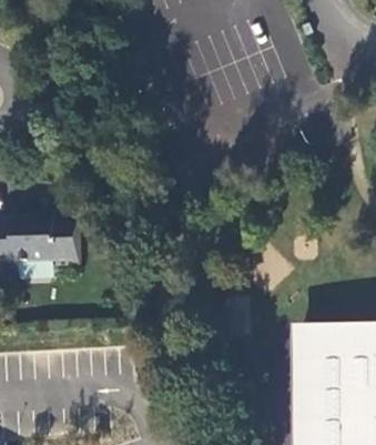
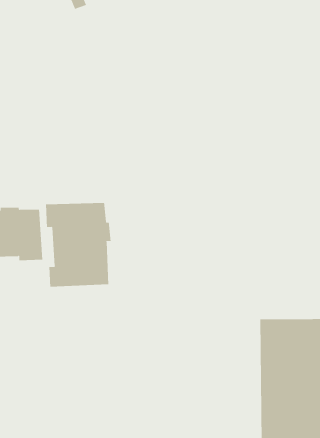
building: none -> [46,202,111,287]

